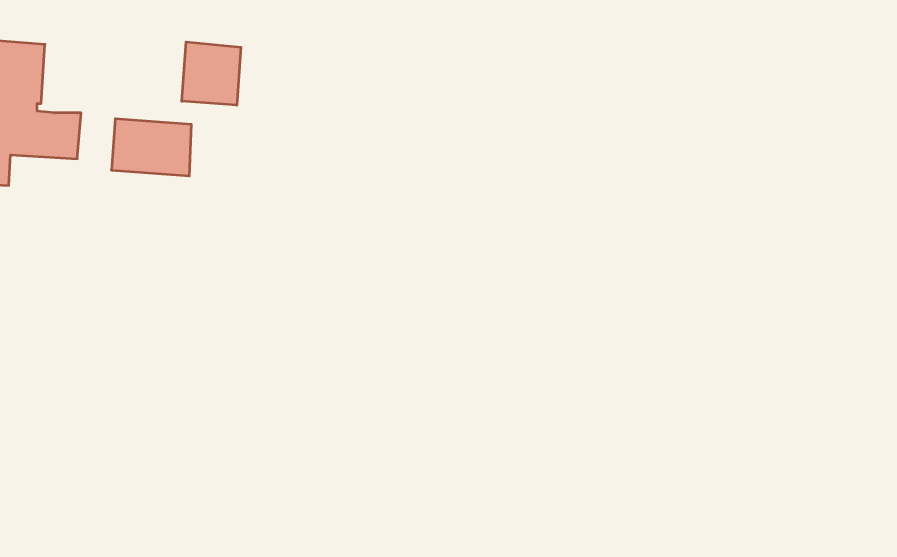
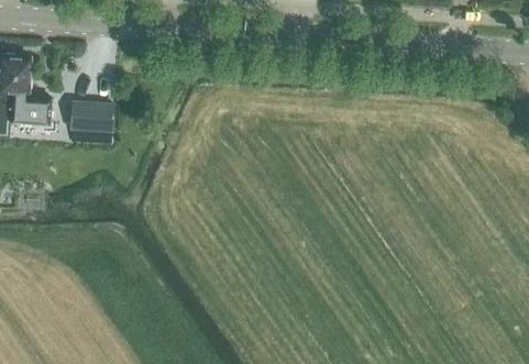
building: [182,42,241,105] -> none

